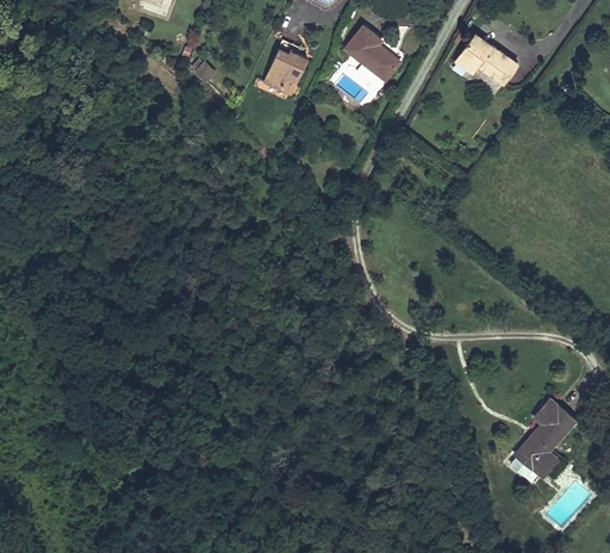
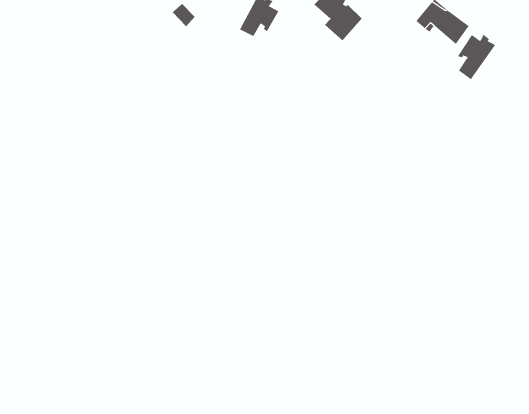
building: none -> [457,34,496,80]
building: [517,398,574,474] -> none

